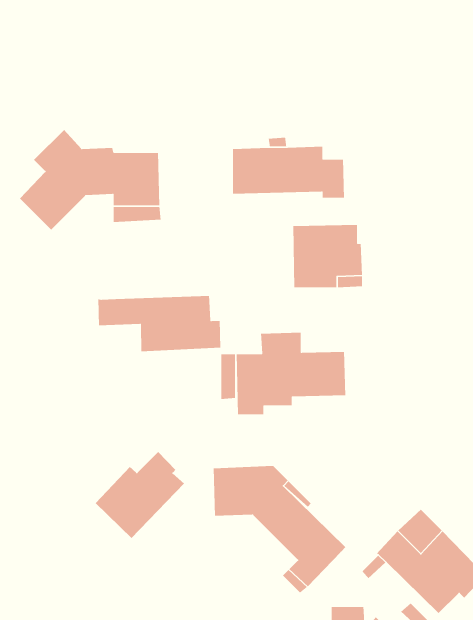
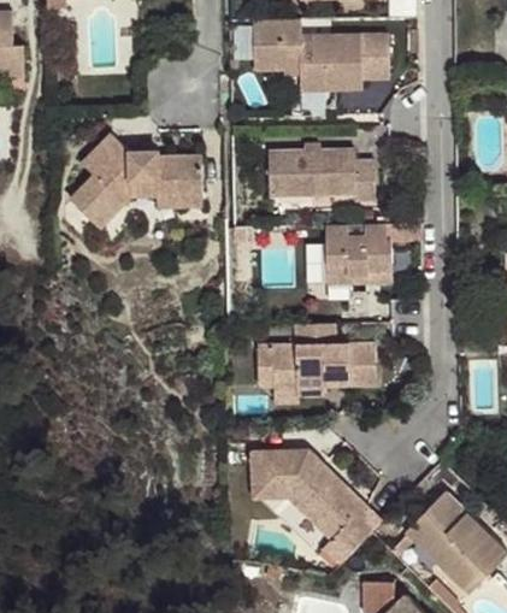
building: none -> [253,18,388,88]
building: [98,295,221,352] -> none
building: [95,451,185,539] -> none

